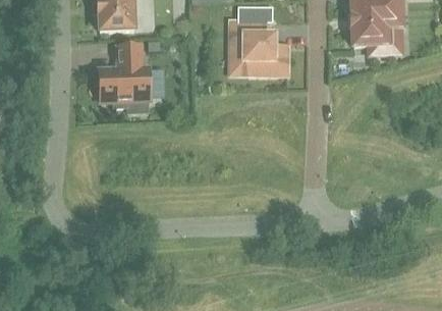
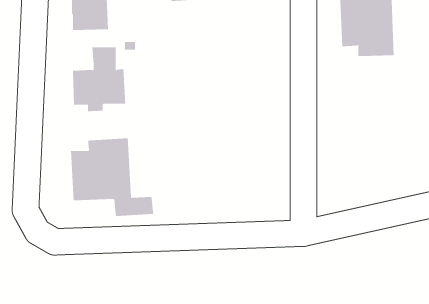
building: [230,19,287,72] -> none
building: none -> [71,137,154,217]

